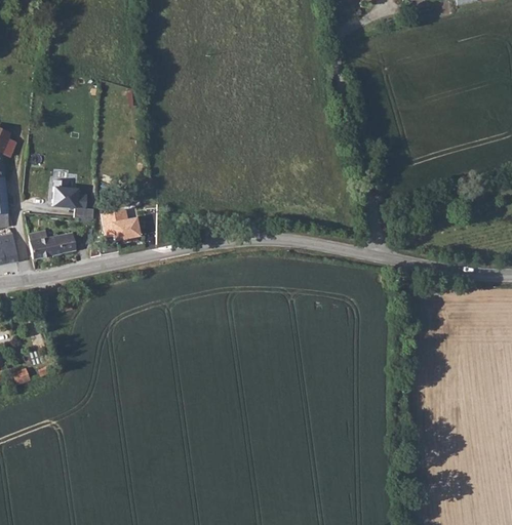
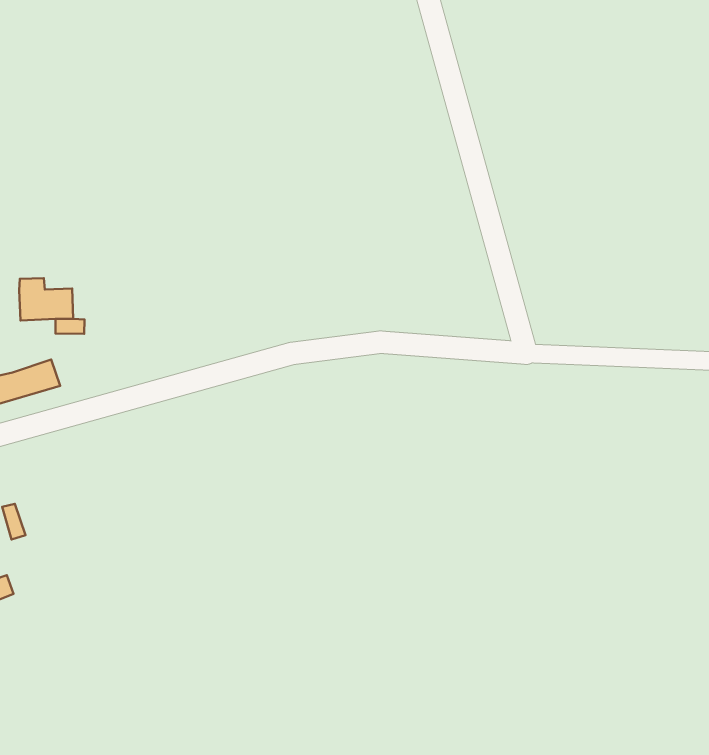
building: [100,205,137,236] -> none

